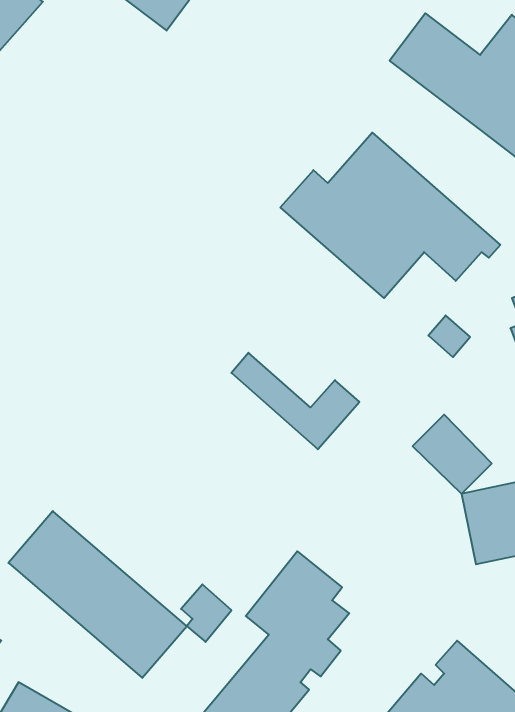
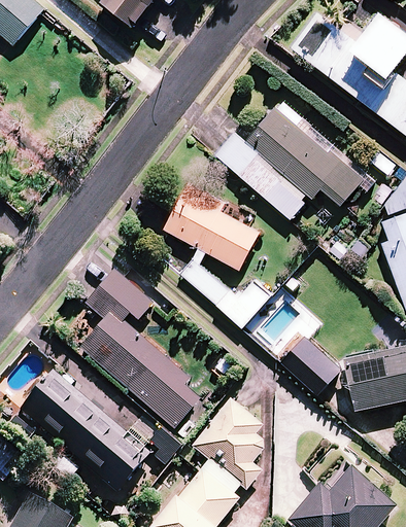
building: none -> [165,188,259,270]
building: none -> [83,269,197,429]
building: [413,415,492,494] -> [282,338,339,394]

